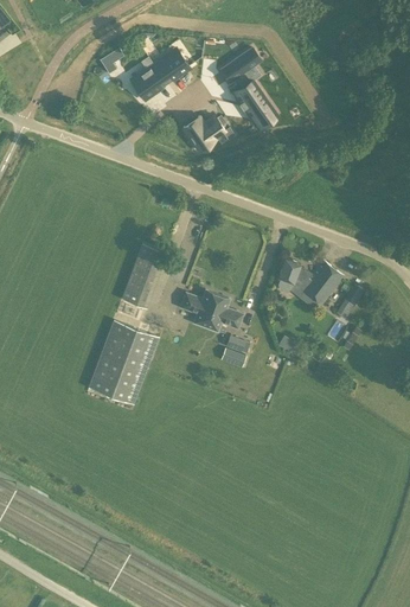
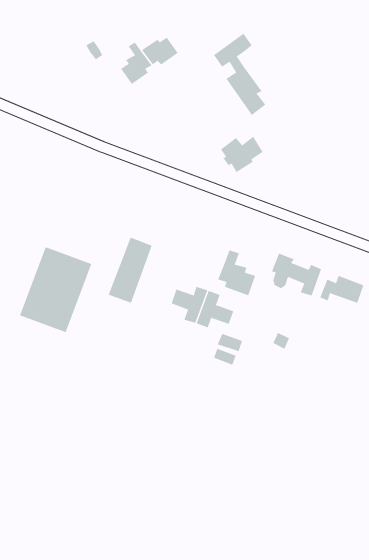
building: [181,115,223,151] -> [220,136,263,173]
building: none -> [217,250,256,296]
building: [87,320,156,403] -> [19,246,92,333]

